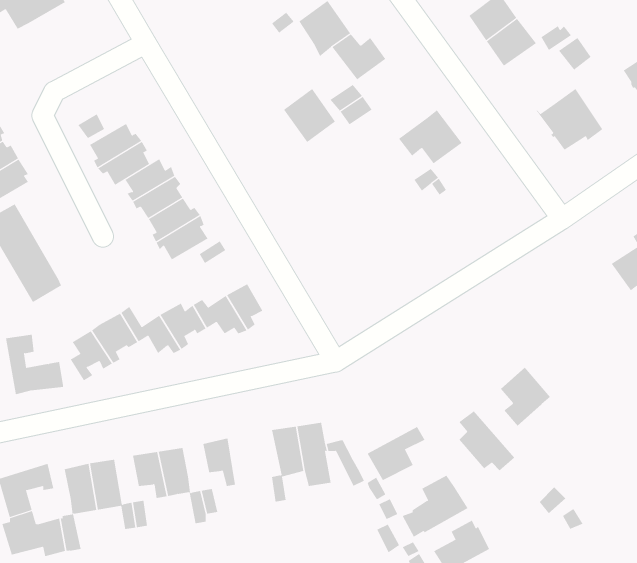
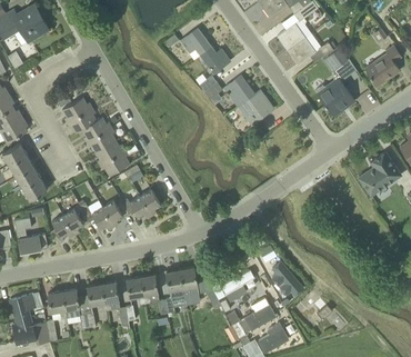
building: [283,88,336,143] -> [224,75,254,106]
building: [500,367,551,427] -> none
building: none -> [141,274,168,314]

